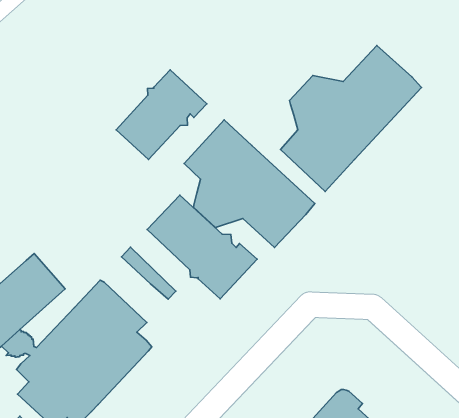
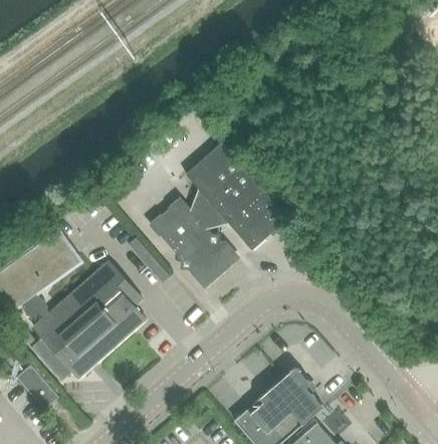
building: [280,45,422,191] -> none
building: [116,70,207,159] -> none

